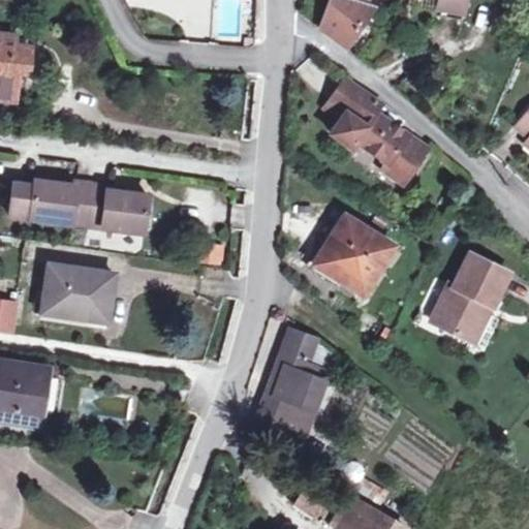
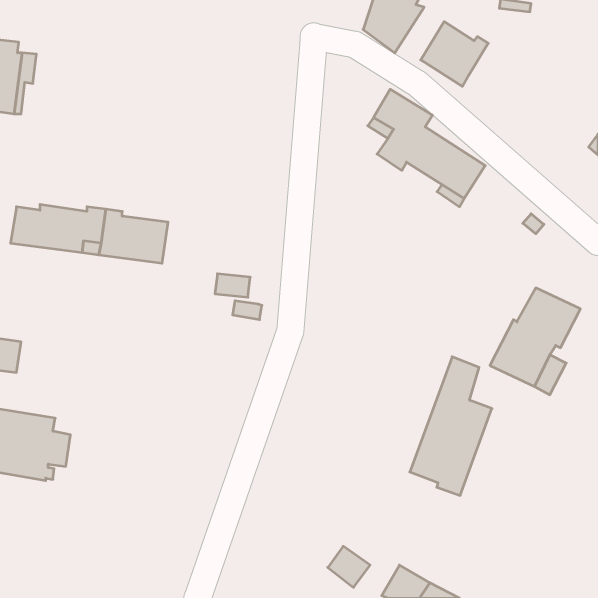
building: none -> [421,22,488,86]
building: [315,215,393,292] -> none
building: [42,263,115,320] -> none
building: [254,328,326,449] -> [410,357,492,495]

